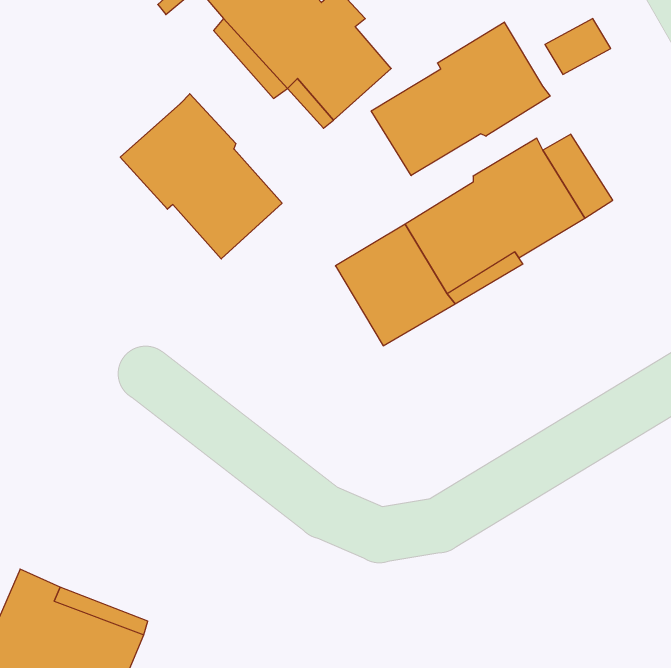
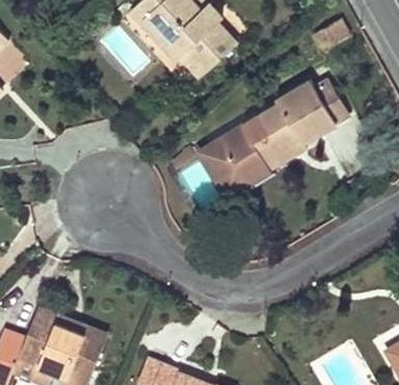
building: [371,22,550,176] -> none
building: [120,94,282,259] -> none

